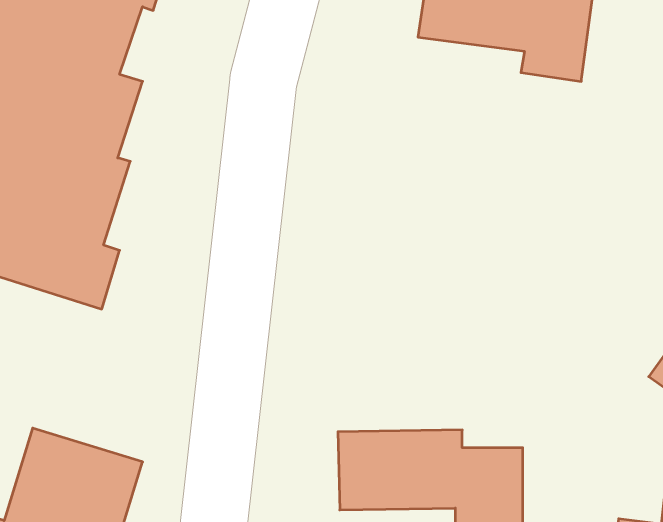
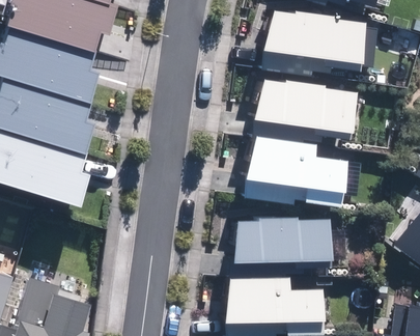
building: none -> [247,79,359,139]
building: none -> [244,139,346,206]
building: none -> [231,215,330,263]

